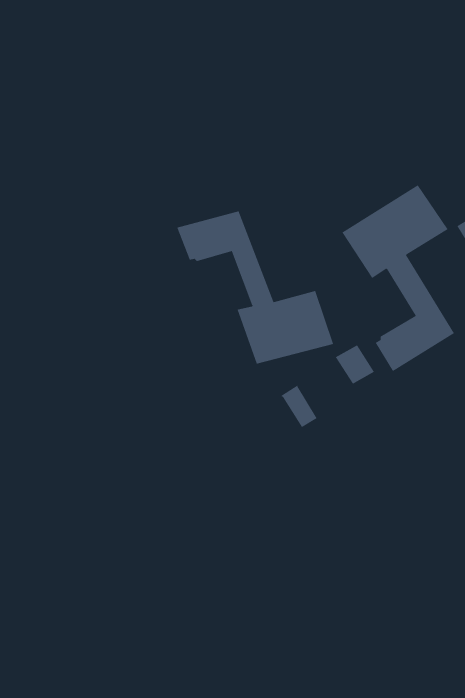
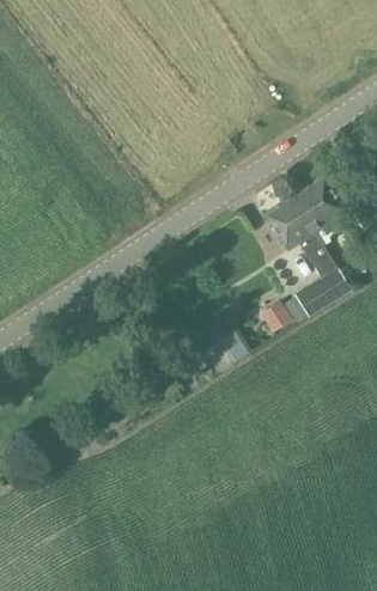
building: [176,210,334,364] -> none

